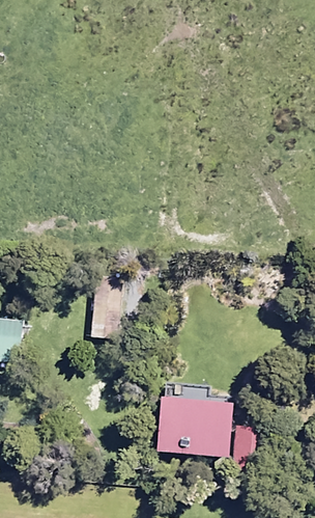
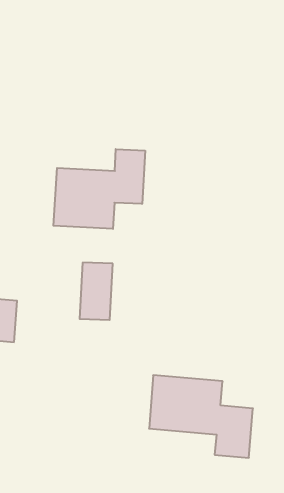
building: none -> [53,149,145,229]

